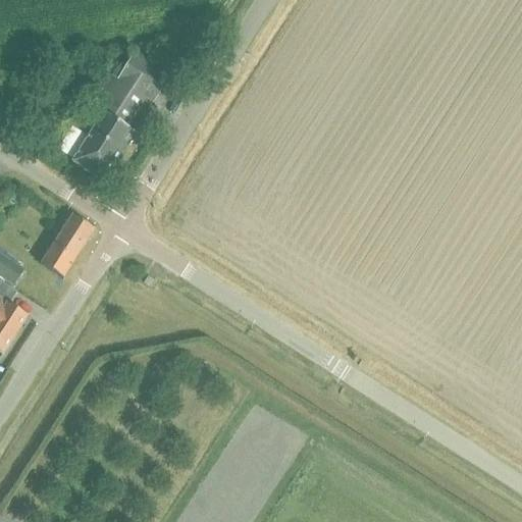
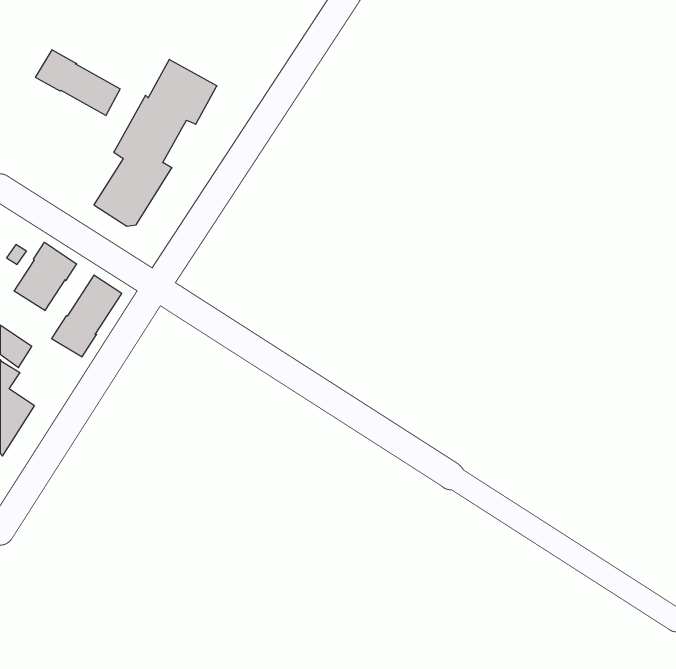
building: none -> [36,50,120,116]
building: none -> [14,242,77,311]

